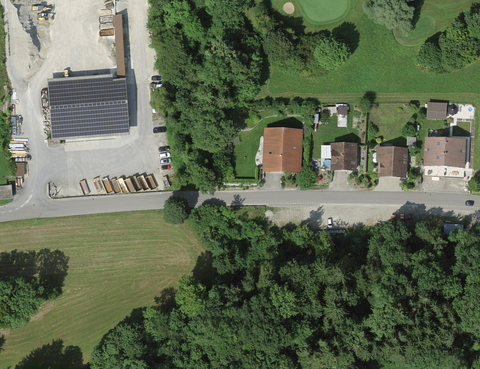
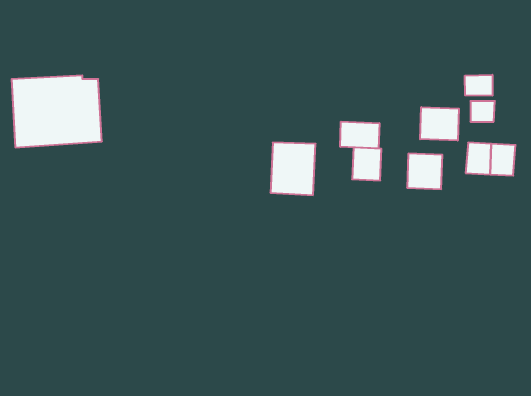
building: none -> [465,75,492,96]
building: none -> [420,107,459,141]
building: none -> [340,122,379,148]

